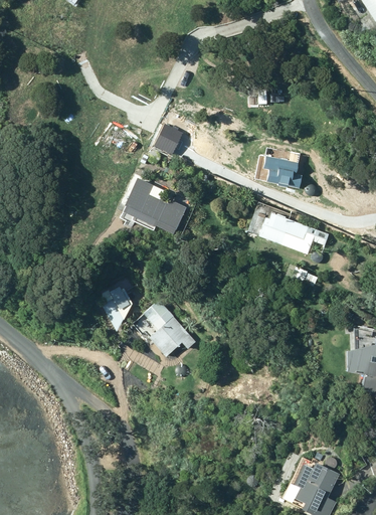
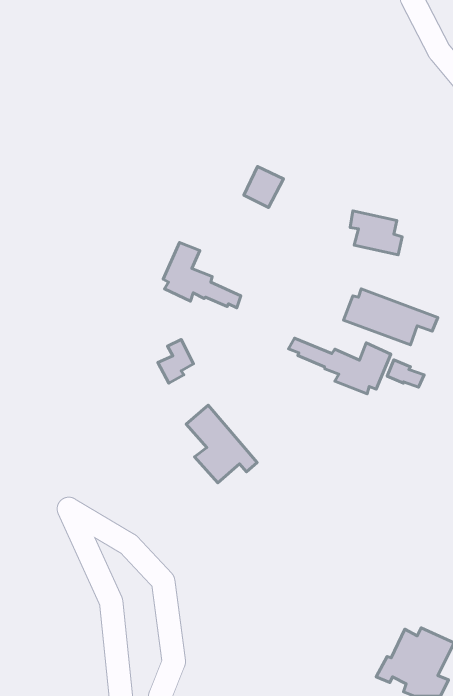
building: [154,124,183,154] -> [244,167,283,207]
building: none -> [288,338,391,394]
building: [103,286,129,318] -> [158,339,193,383]

